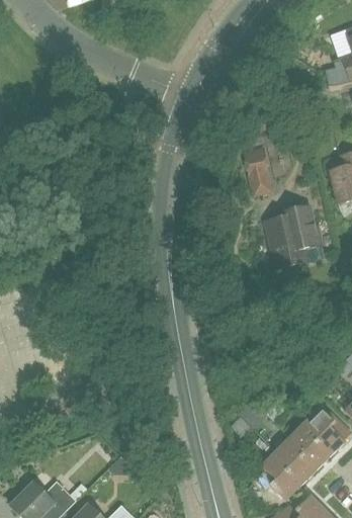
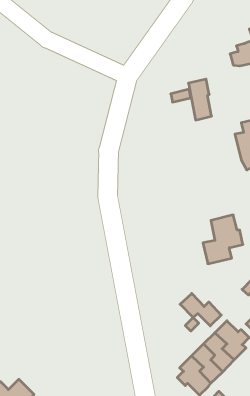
building: [245,147,274,198] -> [188,79,212,120]
building: [270,206,321,268] -> [203,215,243,264]
building: none -> [180,293,221,326]

